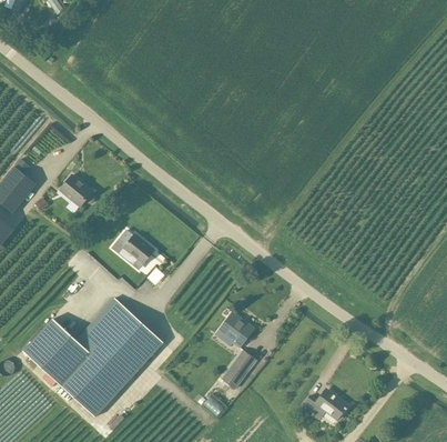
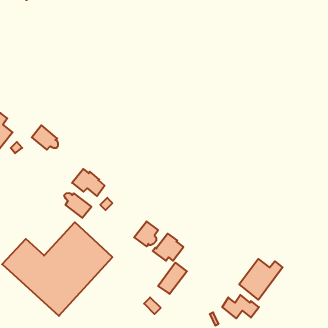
building: none -> [64,193,91,218]
building: none -> [134,221,158,246]
building: none -> [239,259,283,300]

